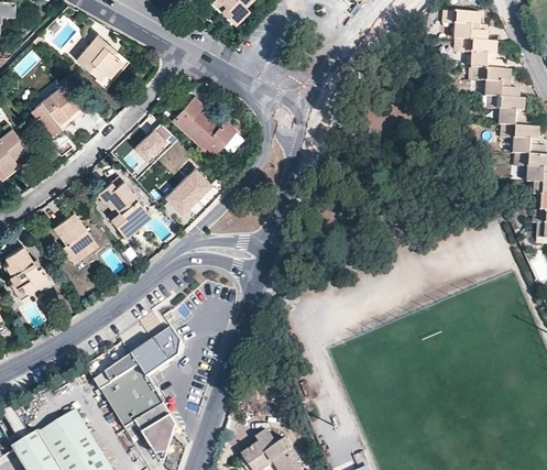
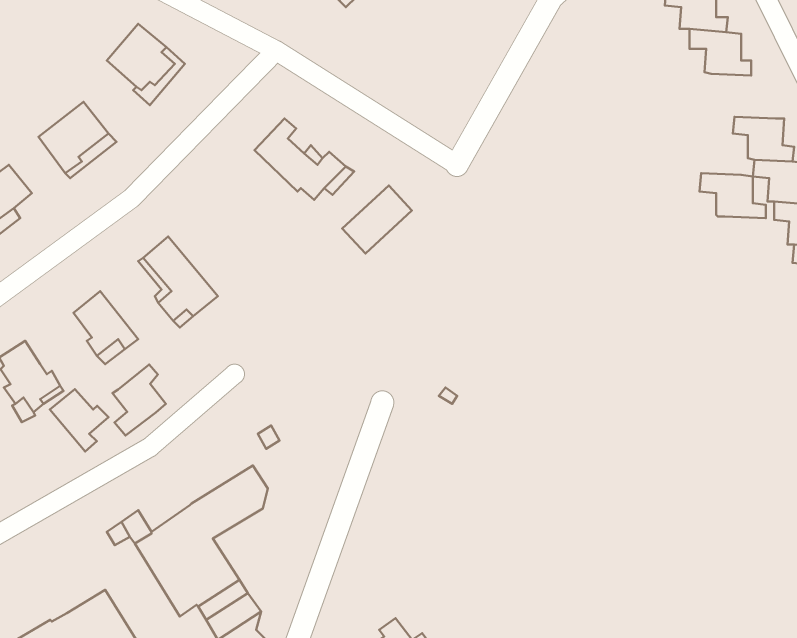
building: [475,68,519,98] -> [700,173,766,218]
building: [135,122,172,160] -> none
building: [164,167,210,212] -> [342,185,412,253]
building: none -> [113,364,166,435]
building: none -> [50,389,109,452]

